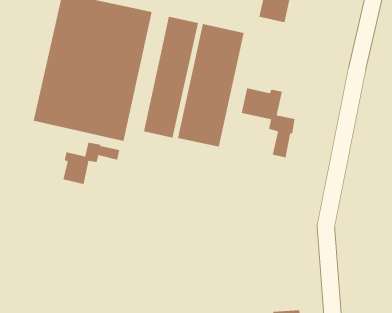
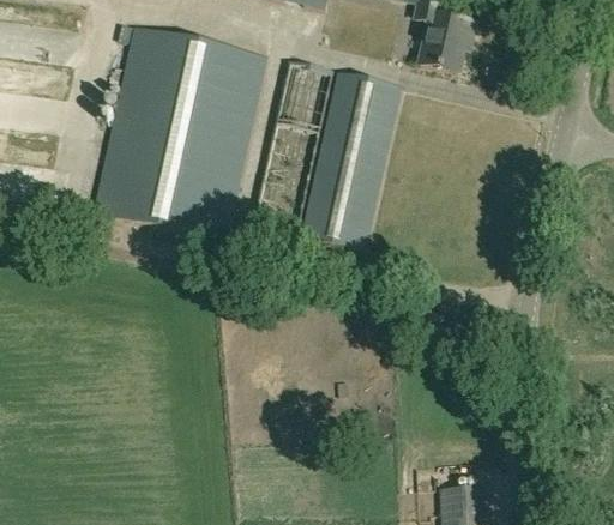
building: [241,87,295,158] -> none
building: [63,142,120,185] -> none

